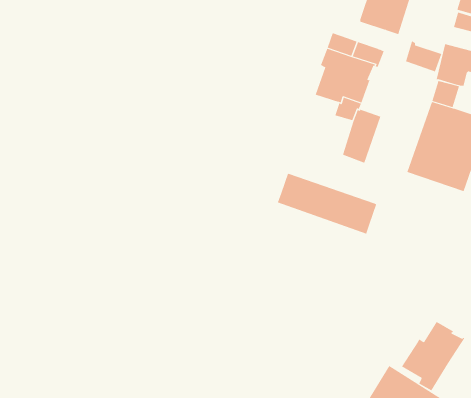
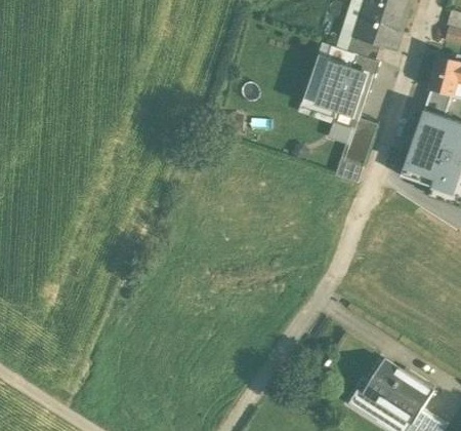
building: [405,41,442,72] -> [345,31,380,61]
building: [277,172,377,235] -> none
building: [401,321,465,391] -> none

